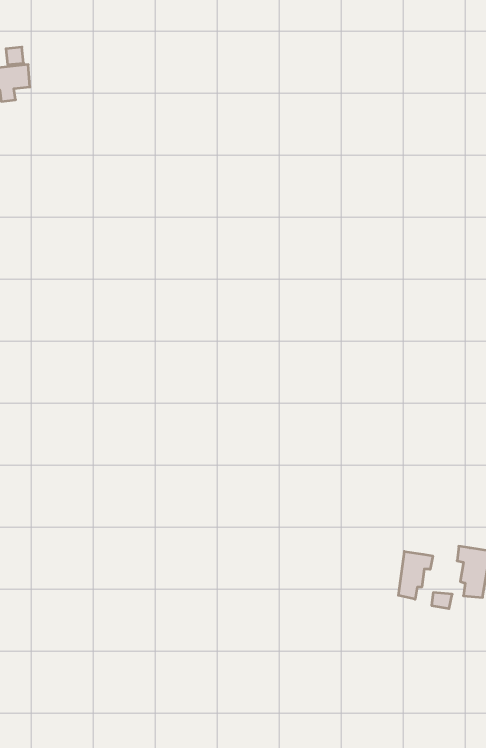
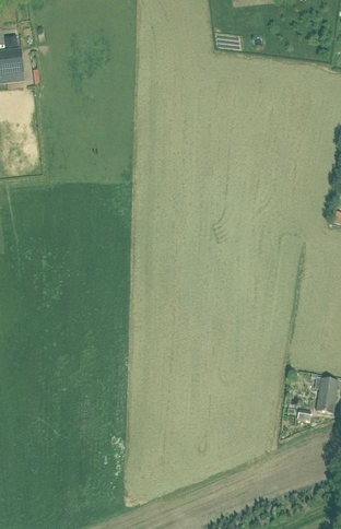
building: [398,551,433,599] -> none

